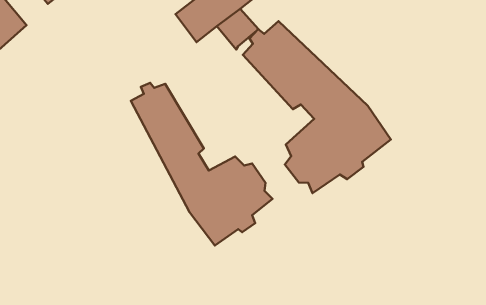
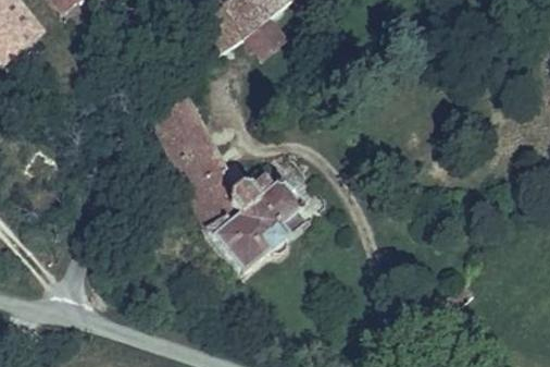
building: [243,21,391,193] -> none

